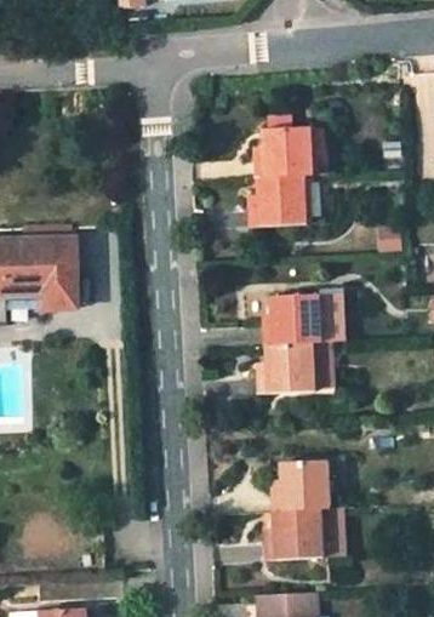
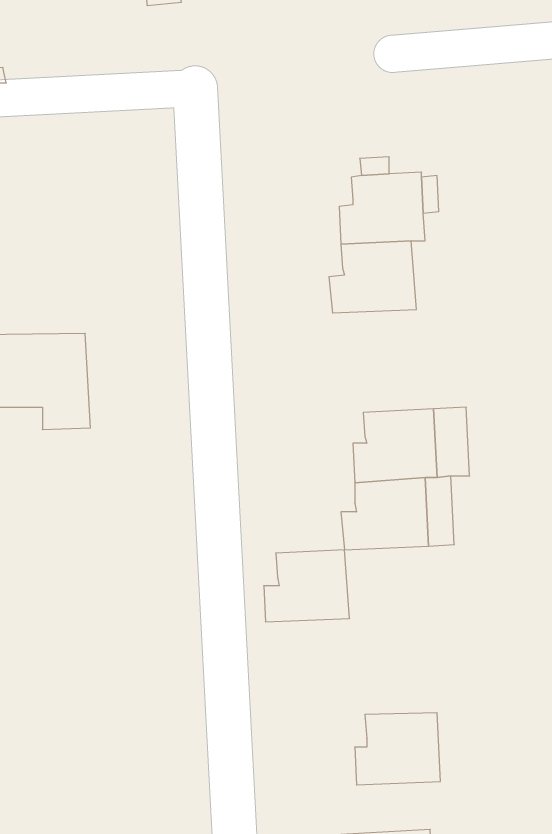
building: [270,459,331,510] -> [264,550,350,622]

